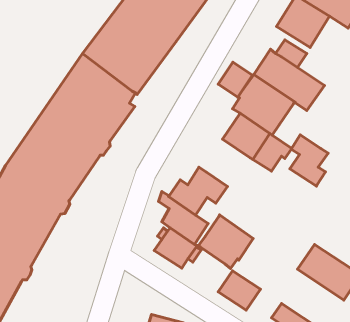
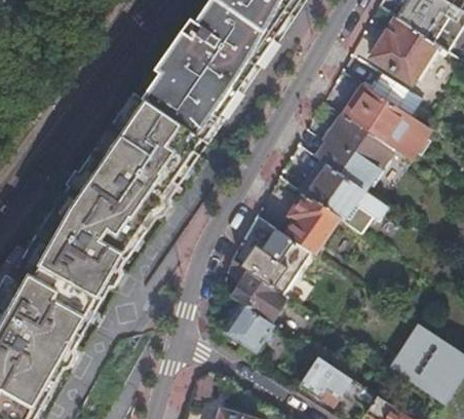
building: [218,62,252,97] -> none
building: [290,135,328,186] -> none
building: none -> [284,195,338,255]
building: [198,215,253,269] -> none

